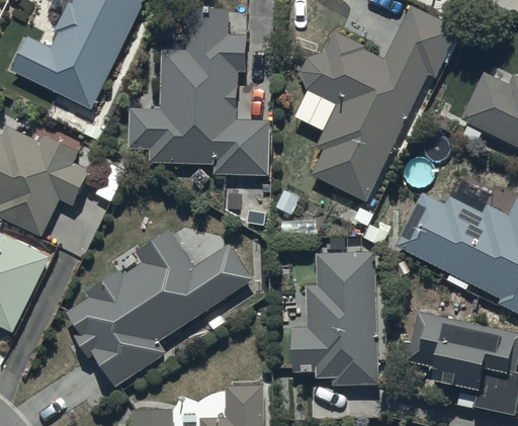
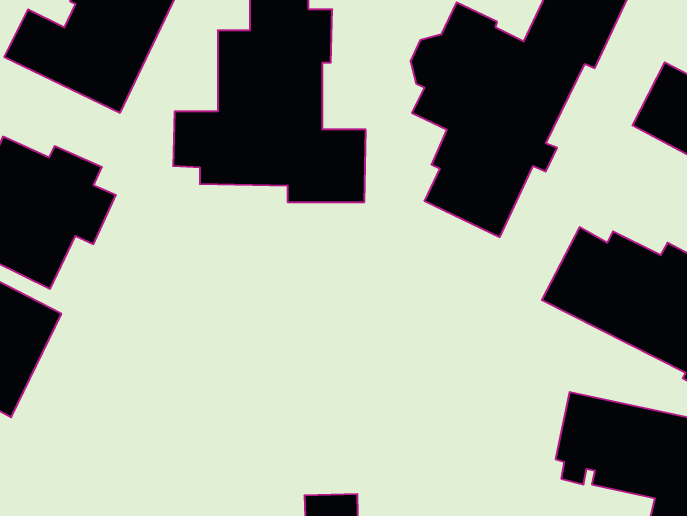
building: [67,229,253,388] -> none
building: [291,253,378,384] -> none

